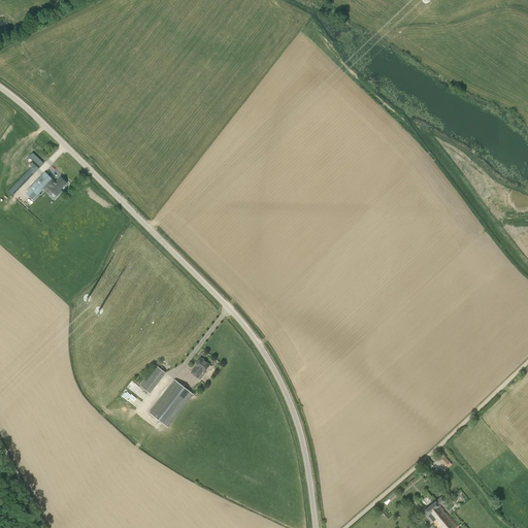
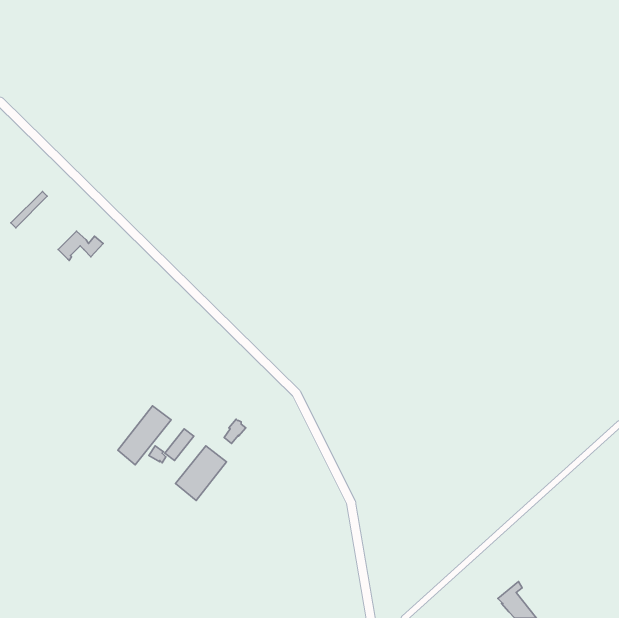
building: [29,171,67,196] -> [58,231,103,260]
building: none -> [118,406,171,465]

